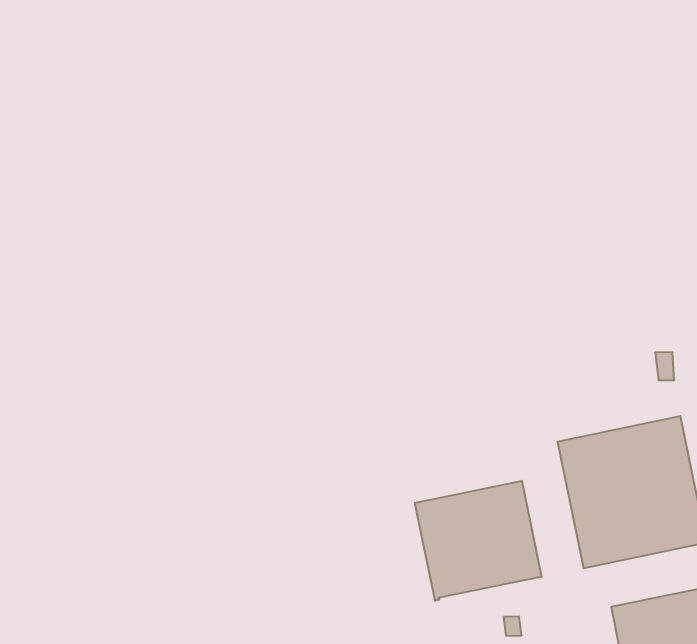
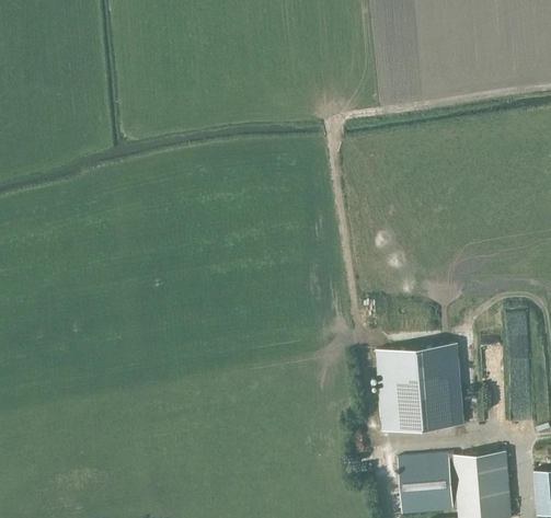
building: [415,481,542,601] -> none

